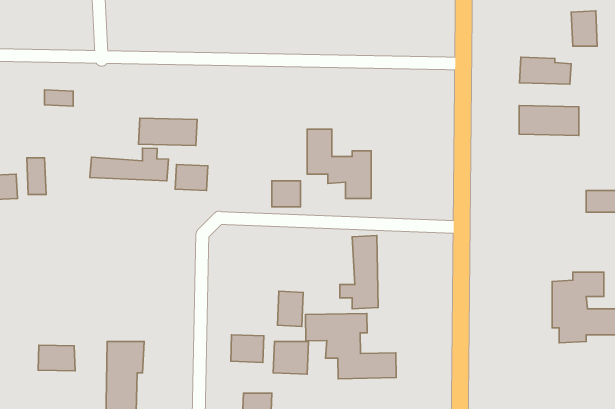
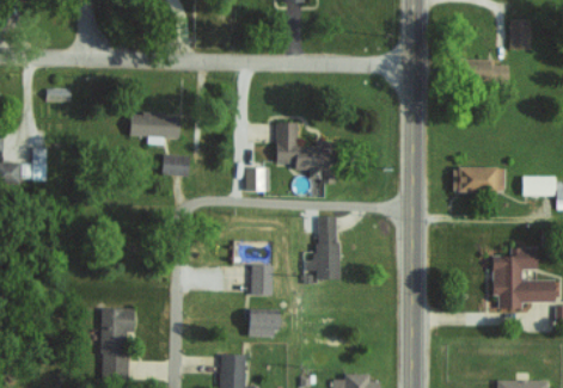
building: [519,106,579,135] -> [452,167,504,193]
building: [90,148,169,181] -> none
building: [305,313,396,379] -> none
building: [231,335,264,363] -> none
building: [38,345,75,371] -> none

